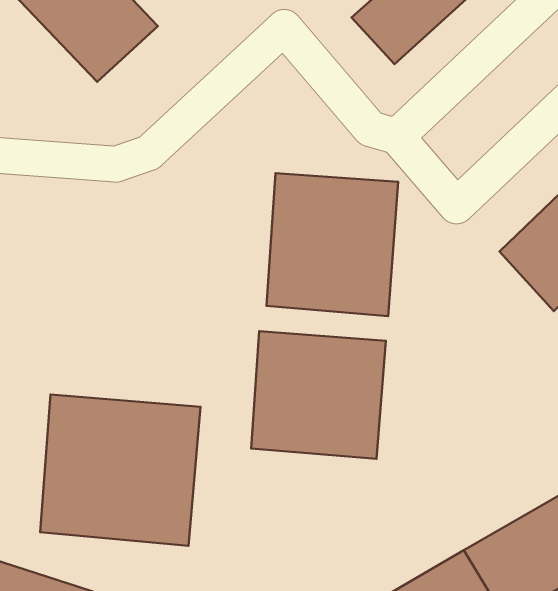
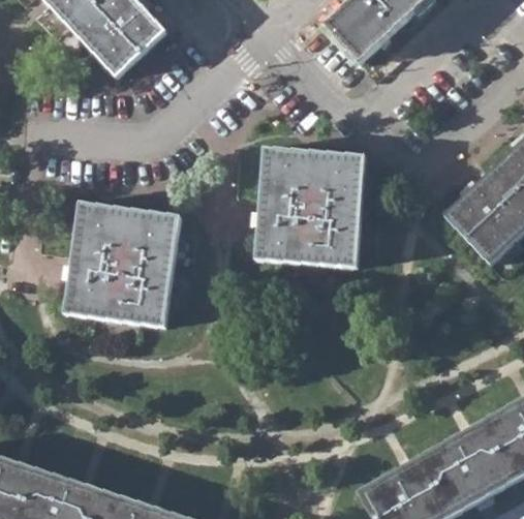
building: none -> [66,195,177,315]
building: [251,331,386,459] -> none
building: [40,395,201,546] -> none

